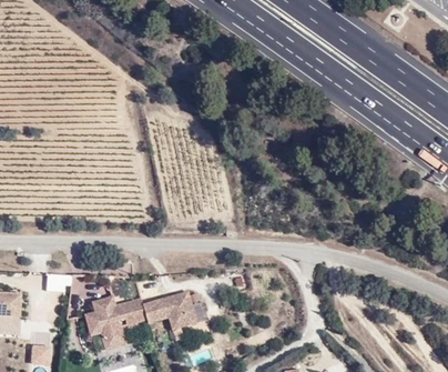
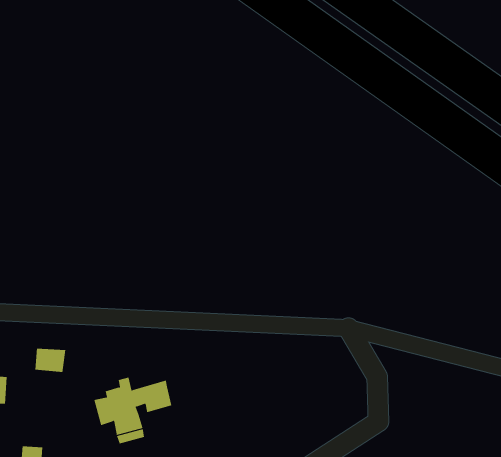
building: [145,292,197,329] -> none

